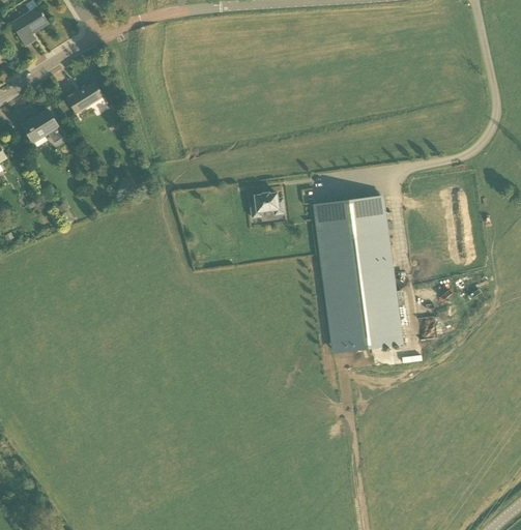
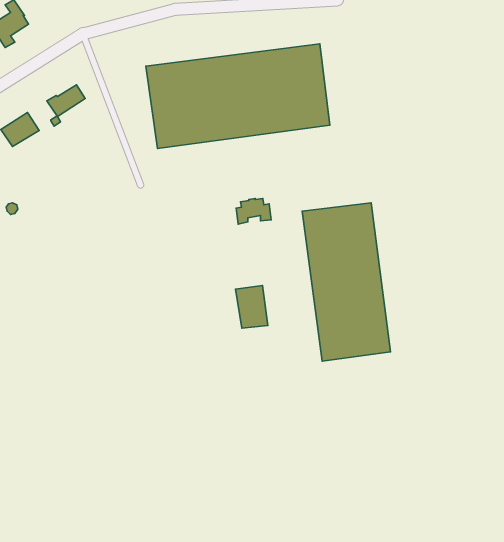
building: none -> [146,44,330,148]
building: none -> [235,286,268,328]

